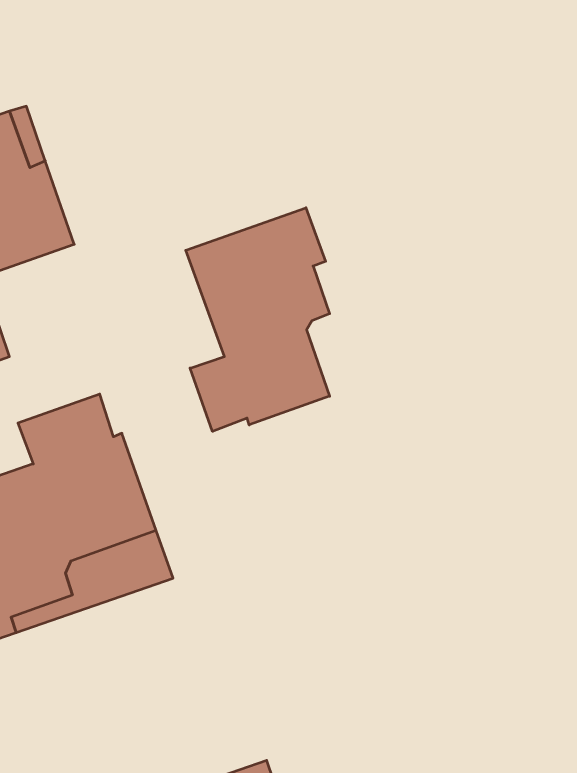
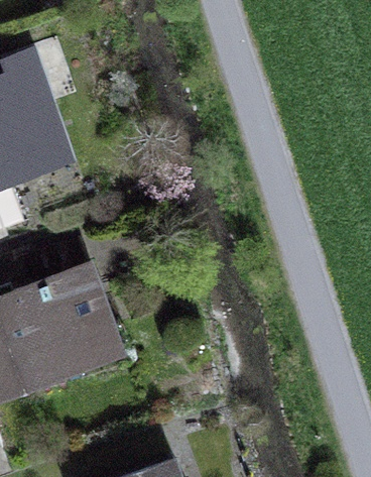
building: [186,208,330,431] -> none

